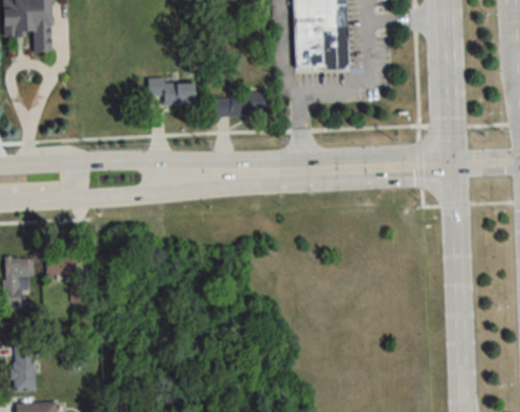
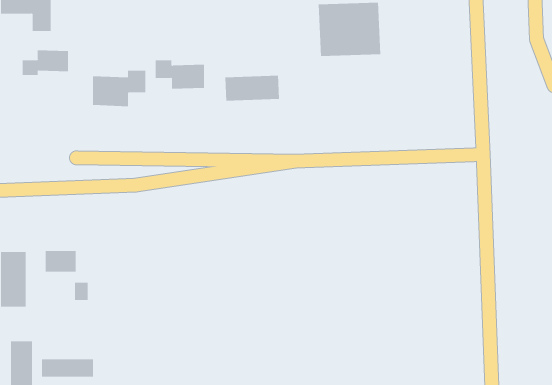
building: none -> [22,50,68,76]
building: none -> [93,70,146,107]
building: none -> [42,358,93,378]

